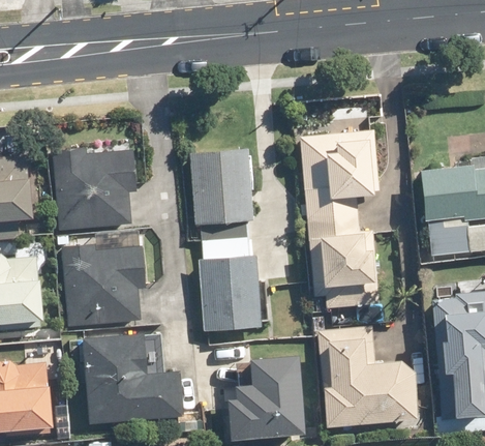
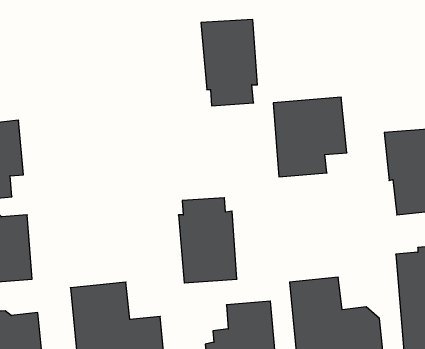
building: [53,148,134,231] -> none
building: [190,150,251,243] -> [201,20,257,106]
building: [306,213,380,309] -> none
building: [62,244,145,326] -> none

